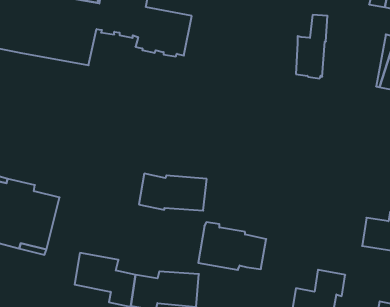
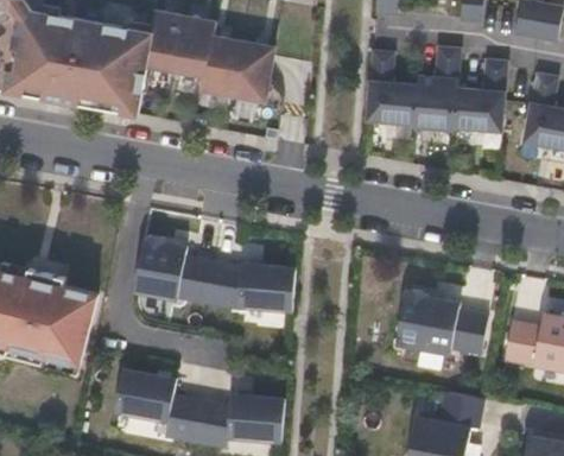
building: none -> [451,49,507,132]
building: none -> [366,51,418,128]
building: none -> [132,235,211,303]
building: [198,222,266,270] -> [397,287,488,352]

